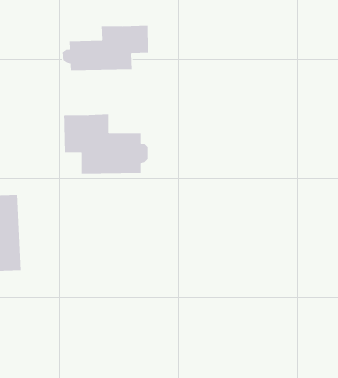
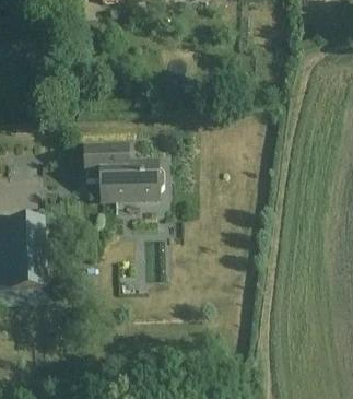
building: [62,22,148,71] -> none

